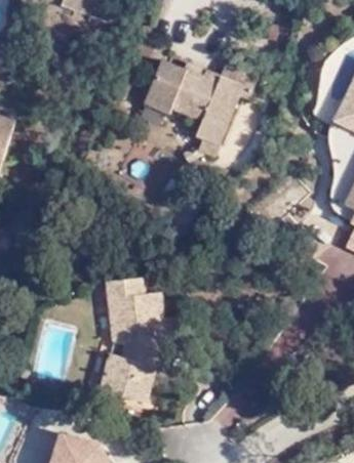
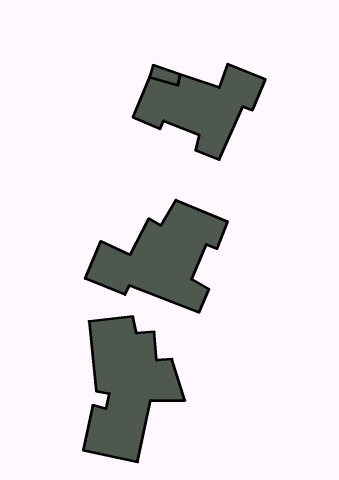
building: none -> [85,200,227,312]

